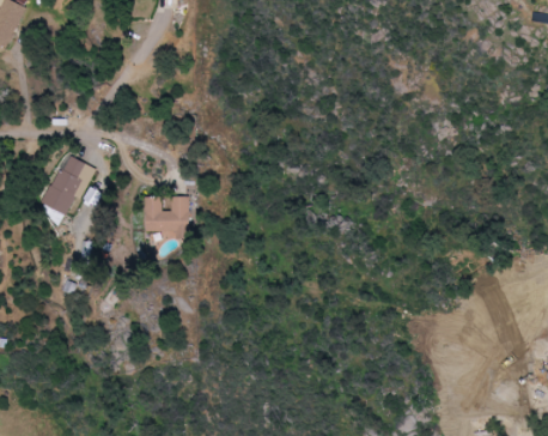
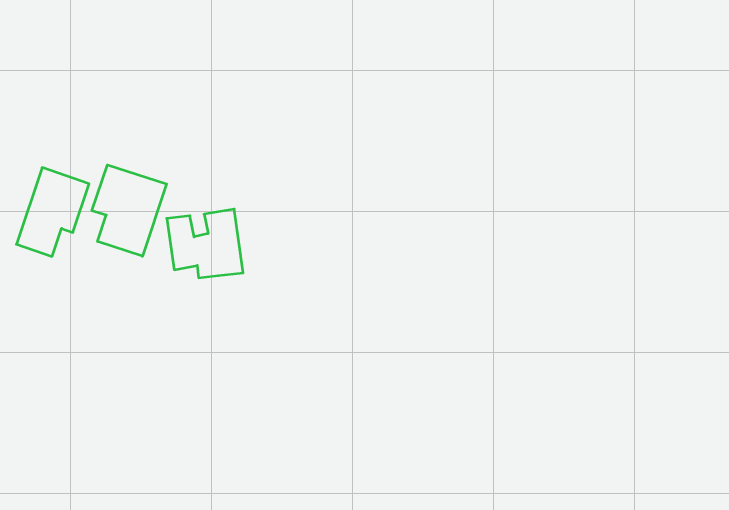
building: none -> [92,165,167,256]

